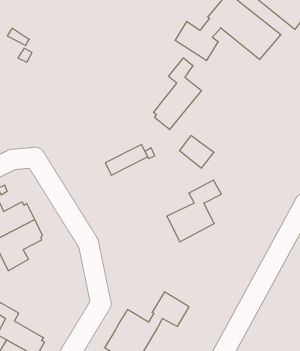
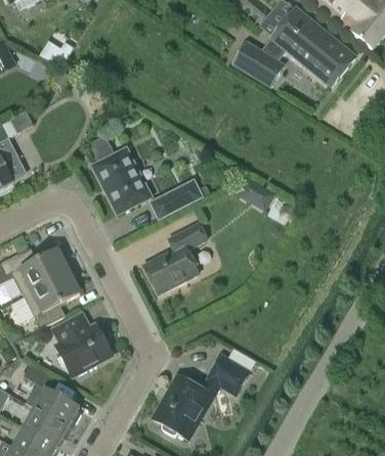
building: [154,58,201,130] -> none
building: none -> [92,146,152,213]
building: [167,180,221,242] -> [142,222,206,293]
building: none -> [52,312,112,373]

